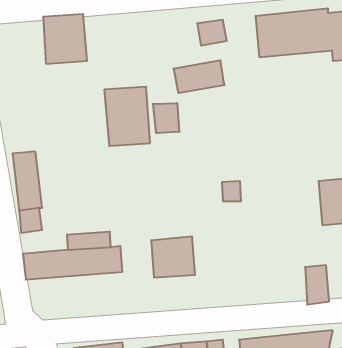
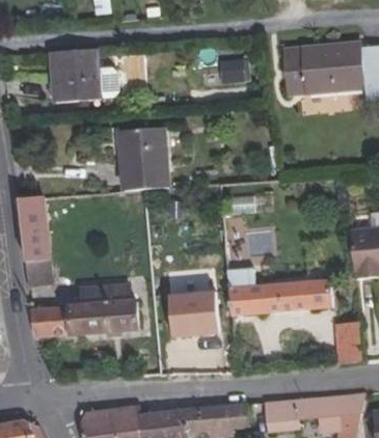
building: [174,60,224,93] -> none
building: [153,103,179,133] -> none
building: none -> [226,270,332,317]

